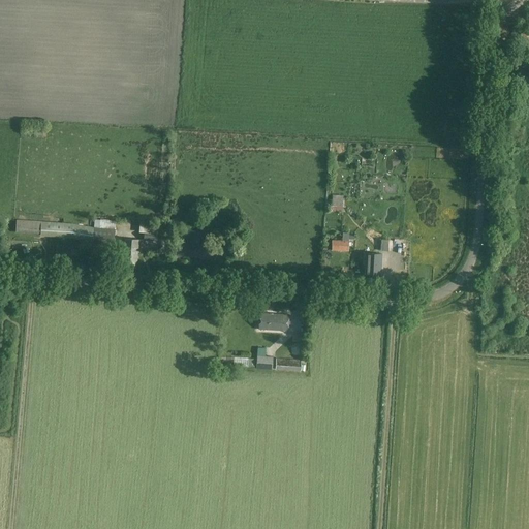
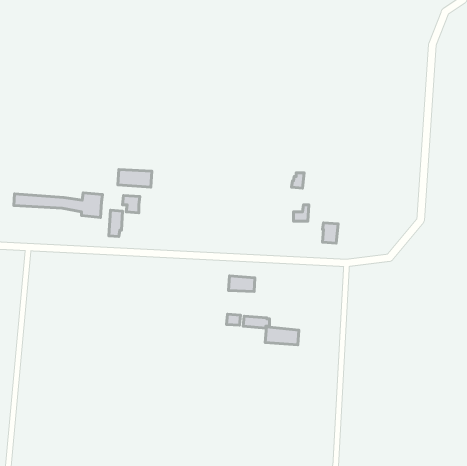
building: none -> [118,170,152,187]
building: none -> [265,327,299,345]

